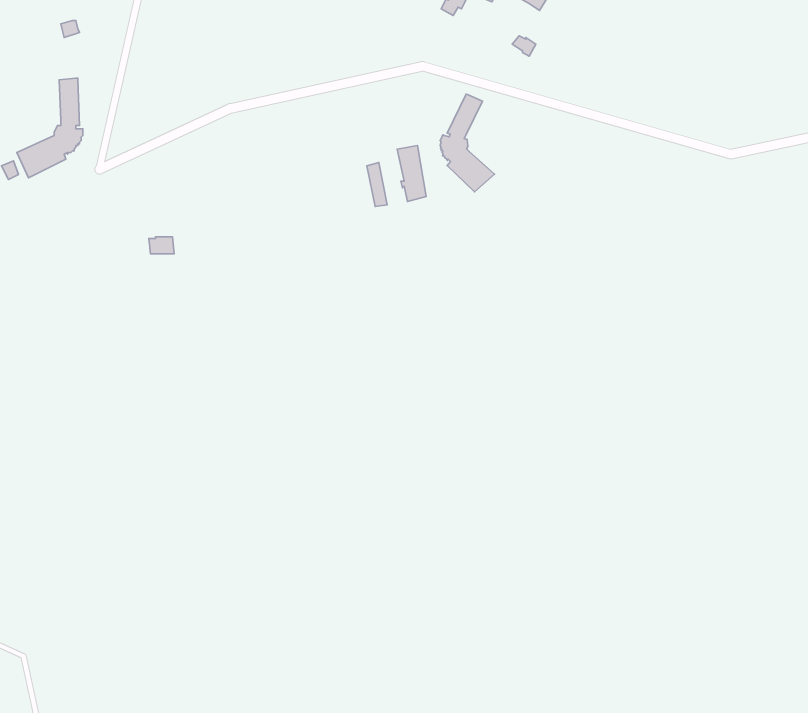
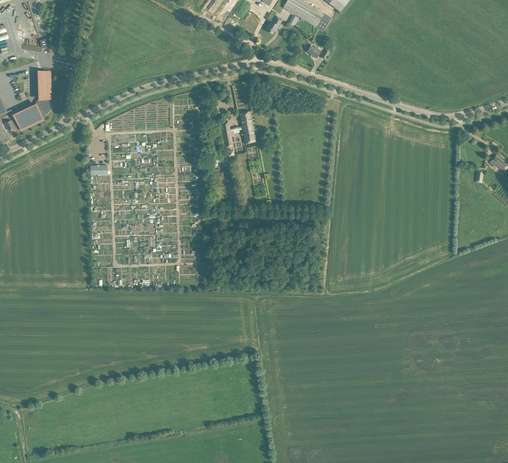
building: [440,94,495,192] -> none

